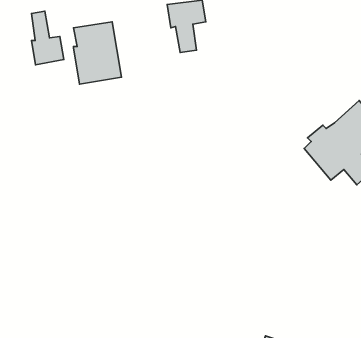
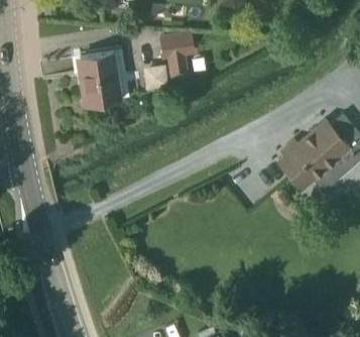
building: [31,11,64,65] -> none

